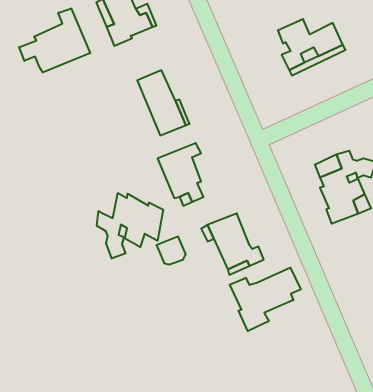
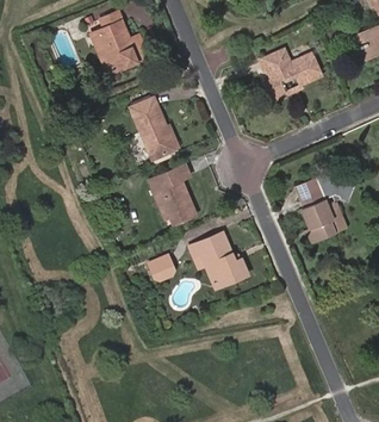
building: [19,8,90,72] -> none
building: [97,193,163,259] -> none
building: [230,268,301,331] -> none

